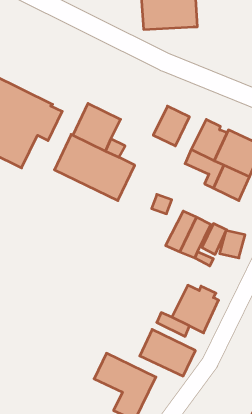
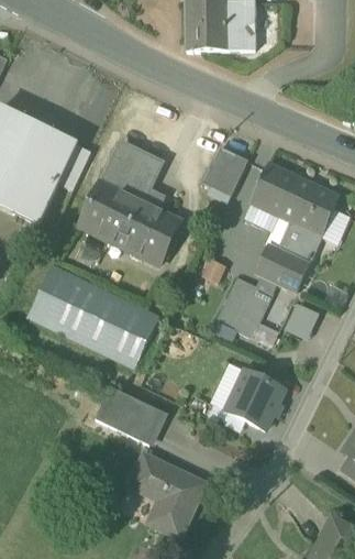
building: none -> [254,243,309,291]
building: none -> [27,264,159,368]
building: [140,329,195,376] -> [96,386,165,445]

